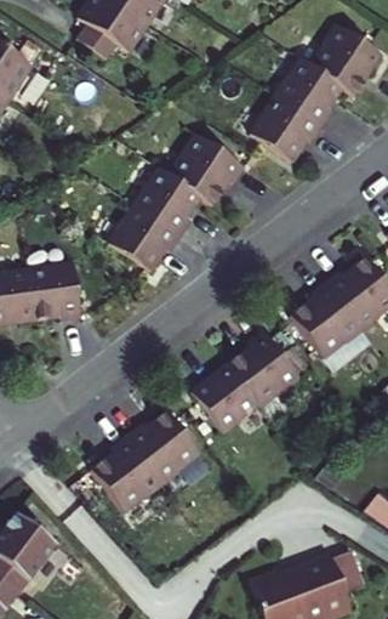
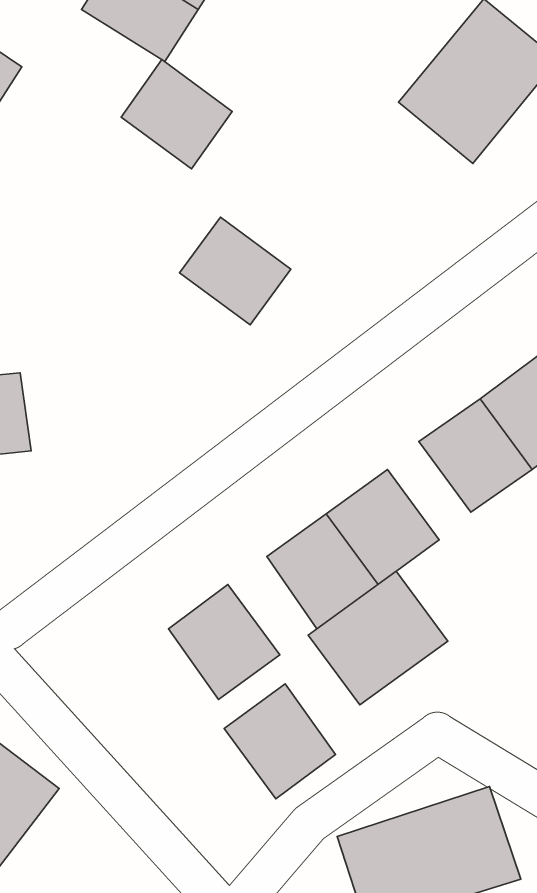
building: [245,90,326,169] -> none
building: [161,127,234,199] -> [121,60,232,169]
building: [108,201,181,272] -> none
building: [30,261,82,318] -> none
building: none -> [308,571,448,705]
building: [87,435,160,510] -> [224,684,335,799]

